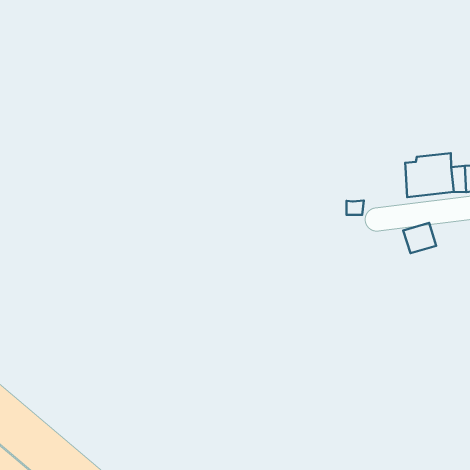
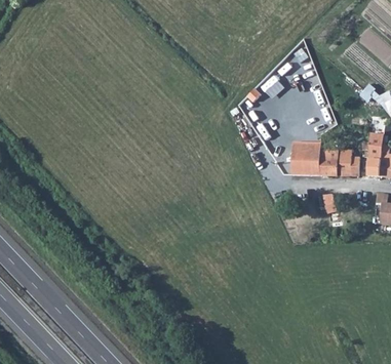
building: none -> [296,154,319,173]

